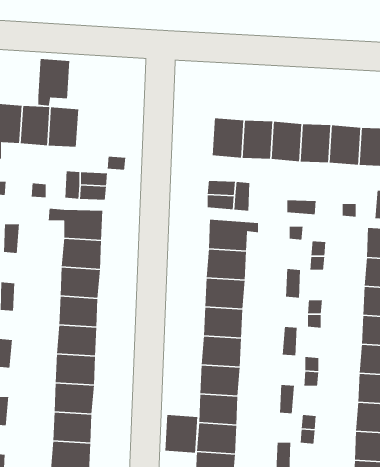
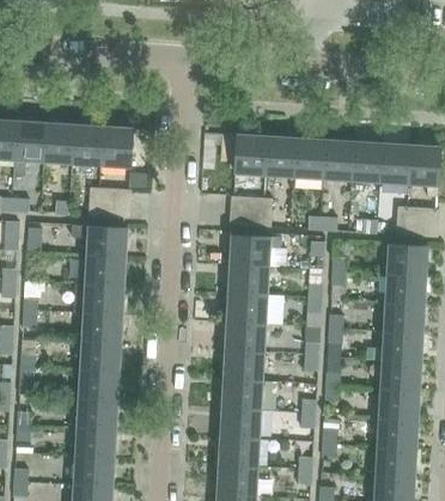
building: [38,58,70,106] -> [99,127,132,175]
building: [164,414,198,454] -> none

